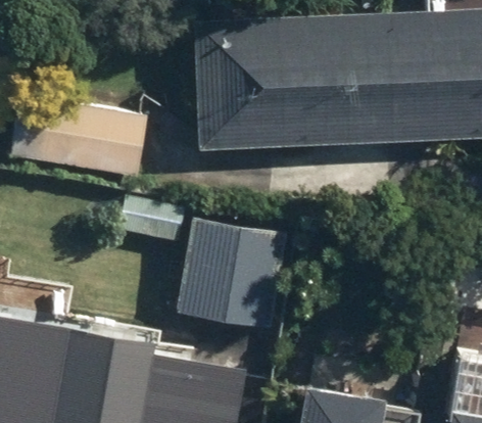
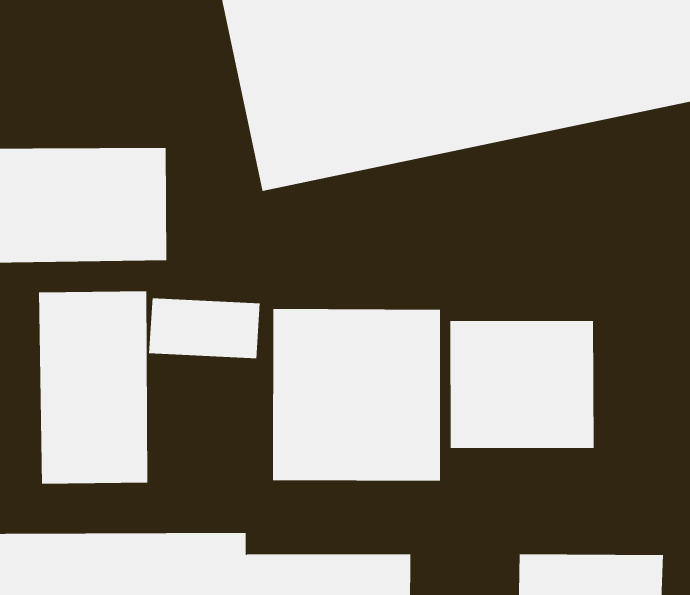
building: none -> [39,291,148,485]
building: none -> [450,320,594,449]

